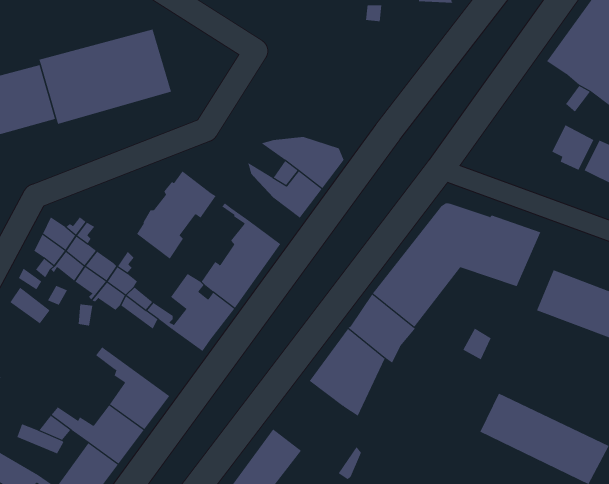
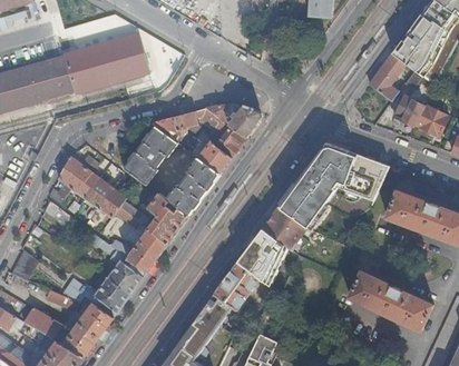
building: none -> [369,55,406,101]
building: none -> [150,111,197,150]
building: none -> [198,130,232,174]
building: none -> [110,229,168,273]
building: none -> [214,263,260,310]

